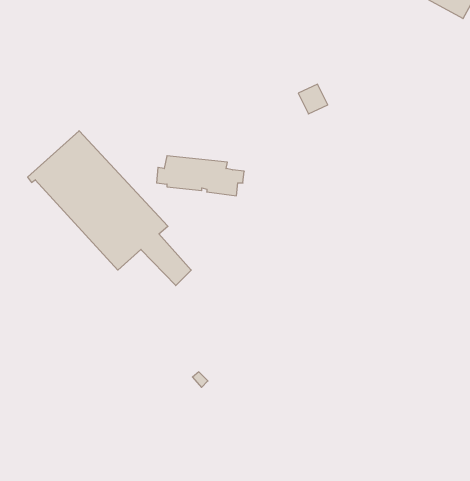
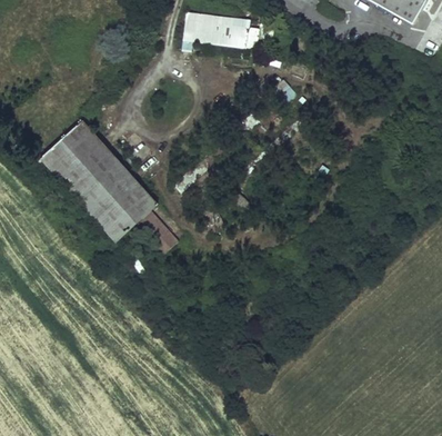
building: [157,156,244,196] -> [184,13,260,48]

